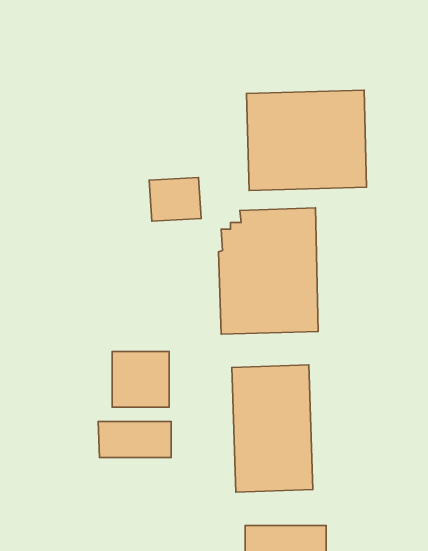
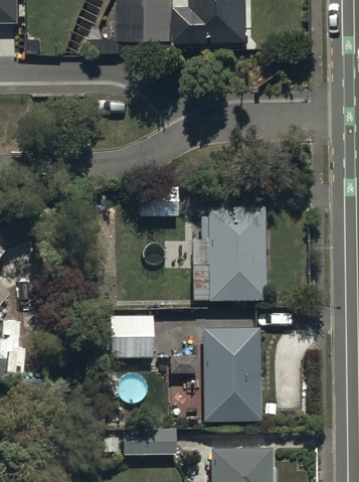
building: [247,90,367,190] -> none
building: [98,422,171,457] -> [122,428,177,455]

